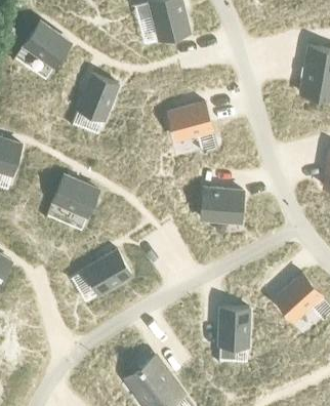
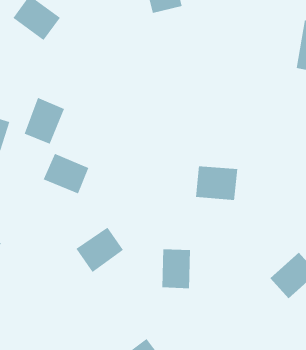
building: [78,75,118,121] -> [24,97,65,144]
building: [168,104,211,140] -> none
building: [219,309,248,348] -> [162,249,191,289]

